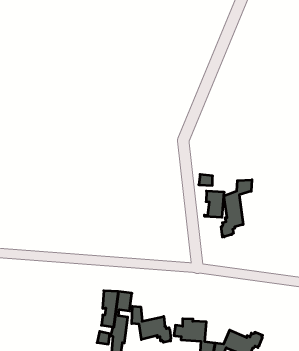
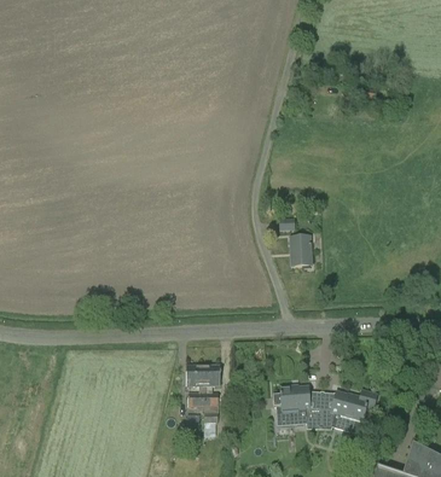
building: [221,180,252,237] -> none
building: [132,306,171,342] -> none

